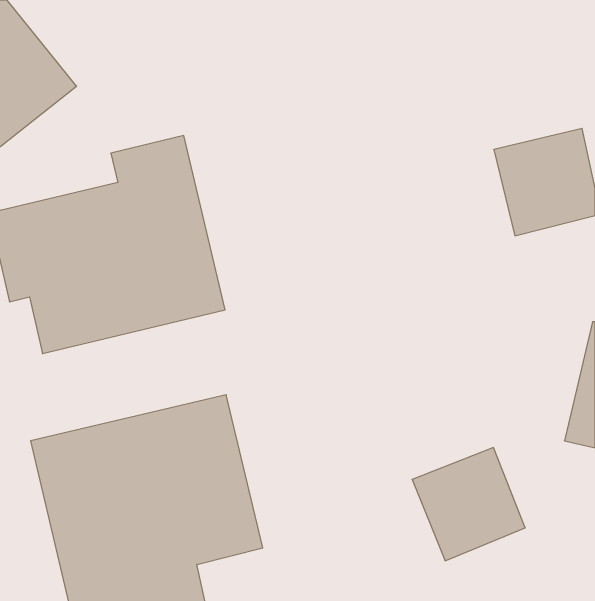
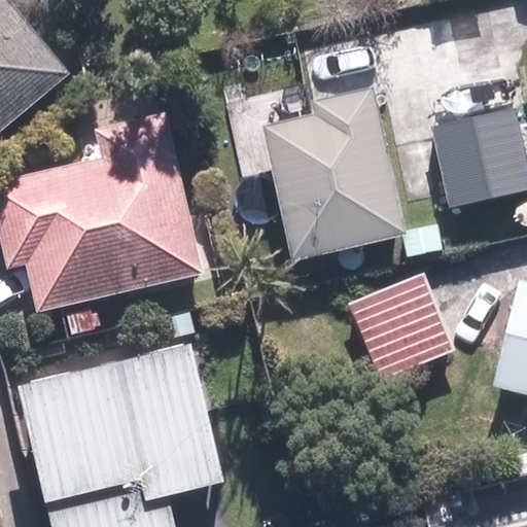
building: none -> [268,91,402,257]
building: [412,448,525,561] -> [349,280,448,379]

